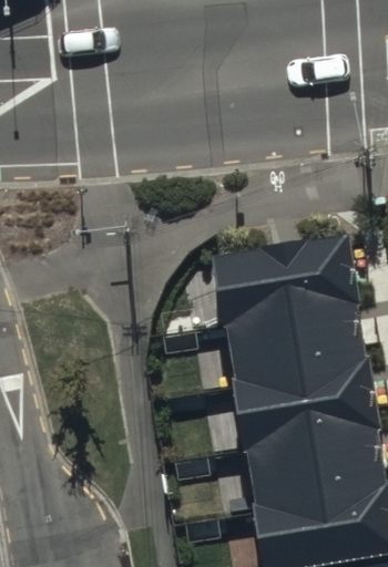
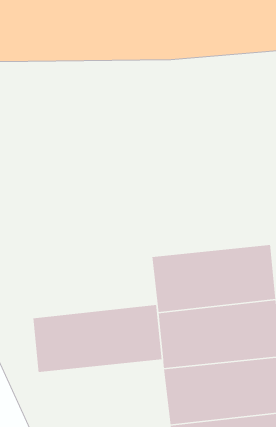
building: [210,237,355,322] -> none
building: none -> [32,304,162,373]

